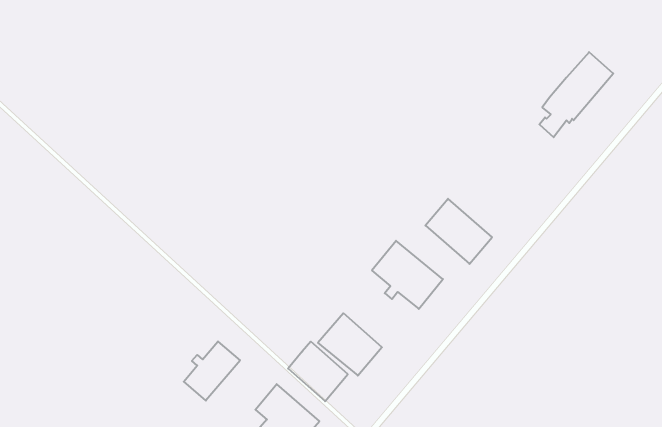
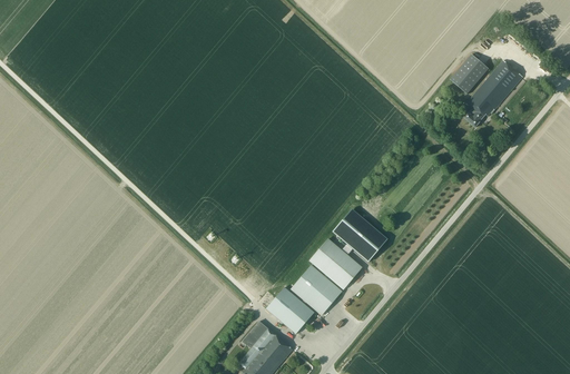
building: none -> [450,53,489,94]
building: [425,199,492,264] -> [309,238,362,289]
building: [184,341,240,401] -> none

